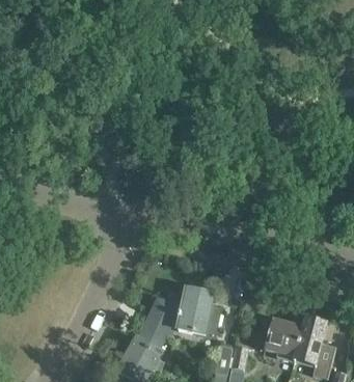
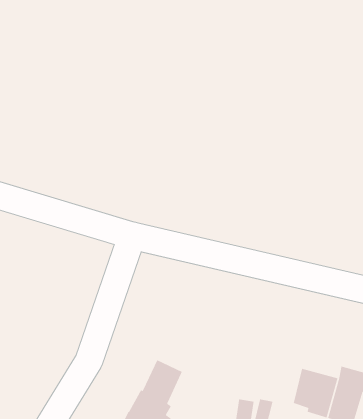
building: [148,288,218,336] -> none

